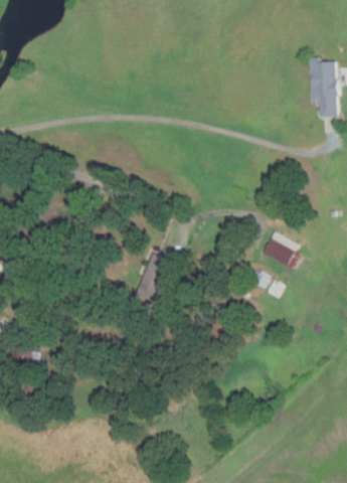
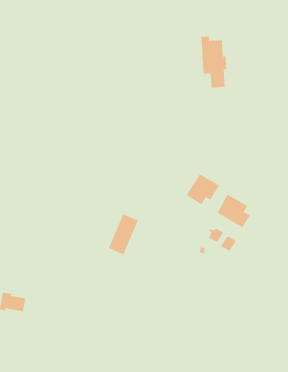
building: [309,57,340,118] -> [200,36,227,88]
building: none -> [186,173,220,205]

